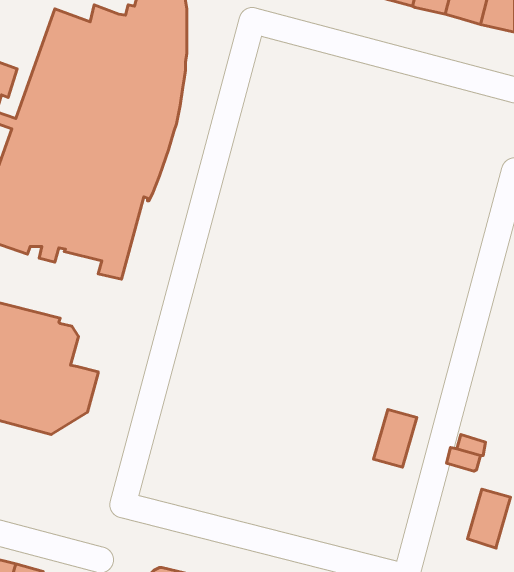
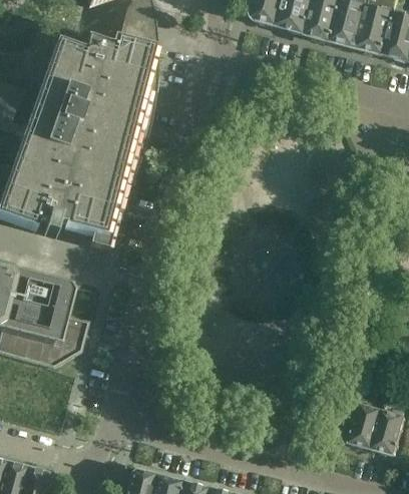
building: [374,410,417,467] -> [350,404,383,448]

